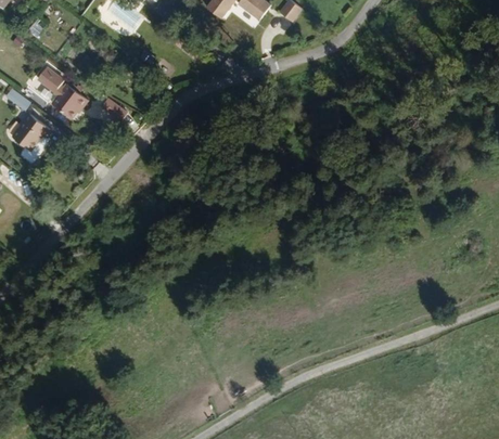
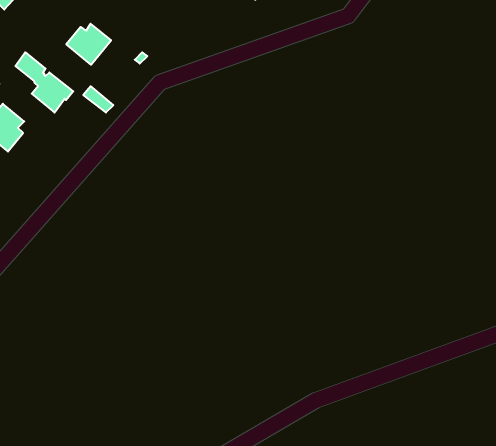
building: none -> [66,24,111,65]

